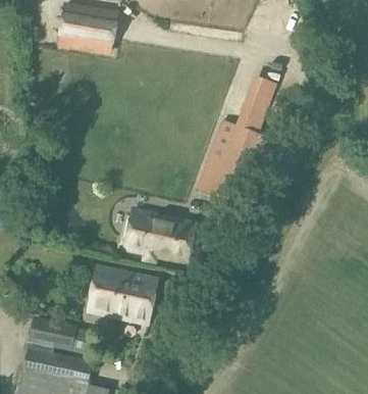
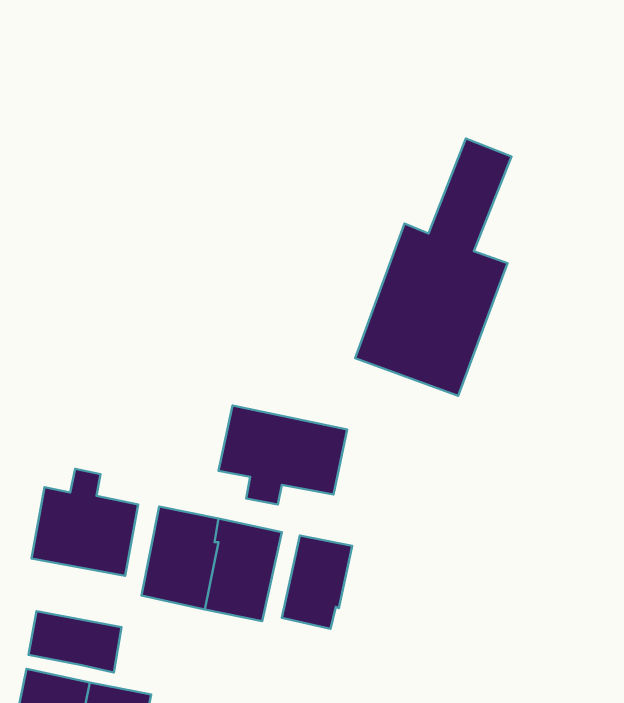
building: [58,8,116,51] -> none
building: none -> [32,469,138,576]
building: none -> [282,535,352,629]

